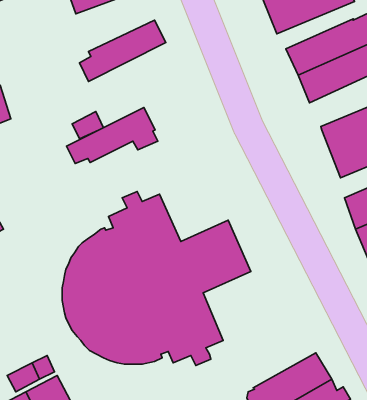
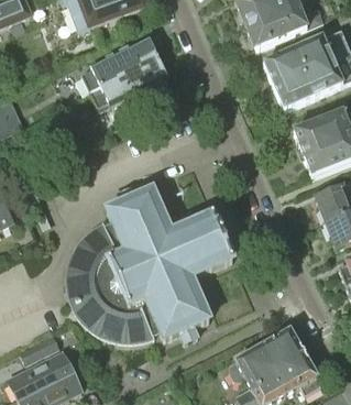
building: [67,107,158,164] -> [89,58,169,108]

